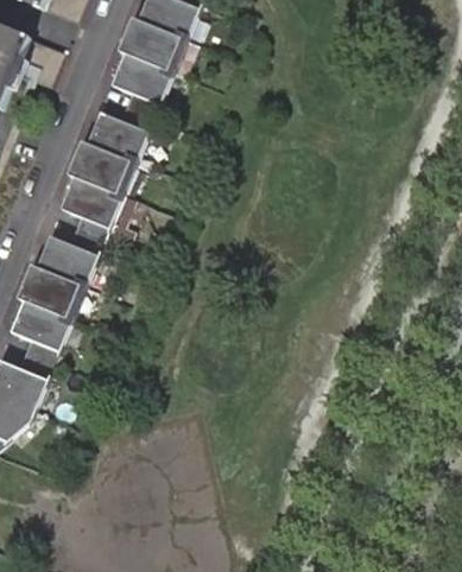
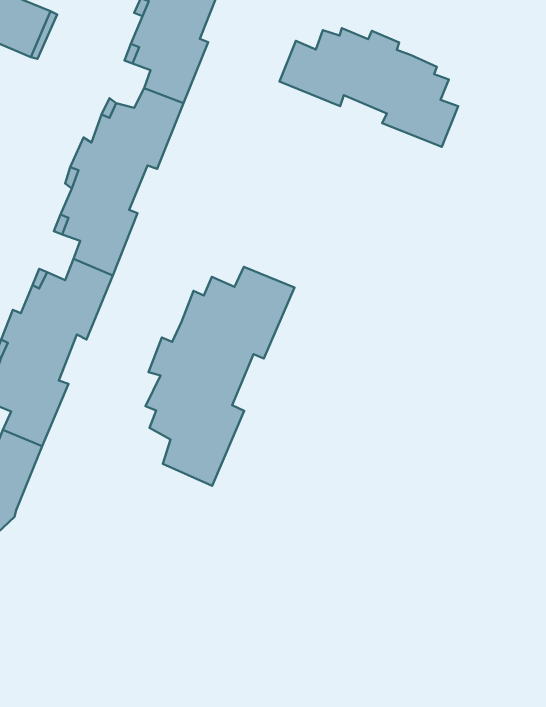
building: none -> [280,28,458,147]
building: none -> [146,267,295,486]

